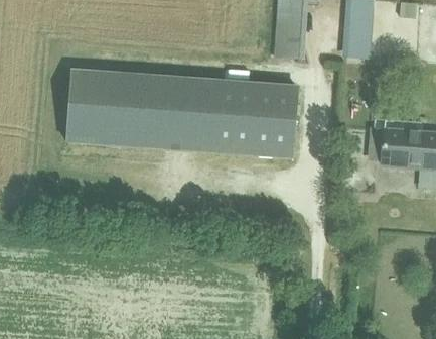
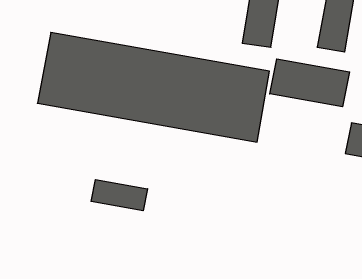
building: none -> [270,59,350,107]
building: none -> [91,180,148,211]

